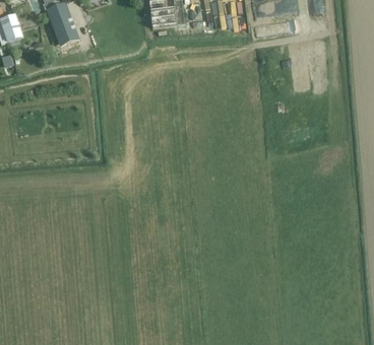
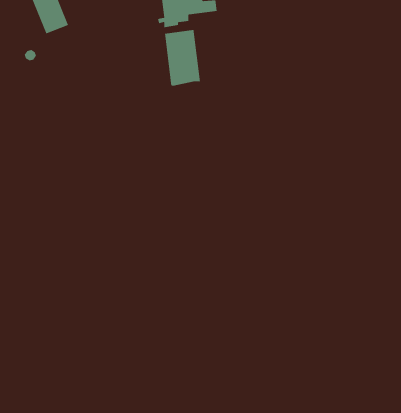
building: none -> [164,29,200,87]

